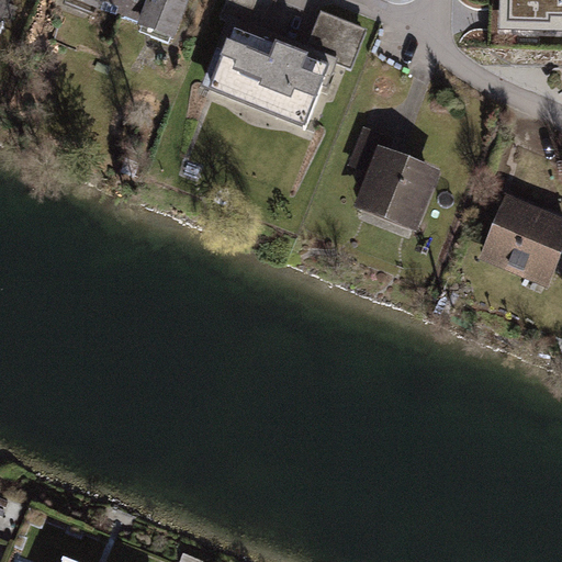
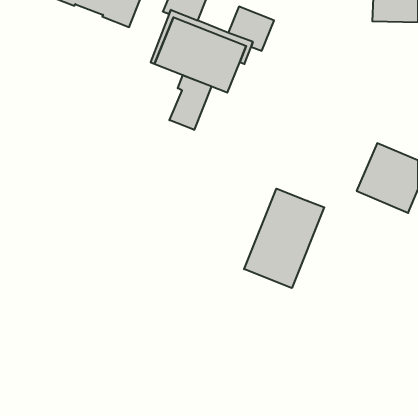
building: none -> [169,75,211,130]
building: [348,125,441,231] -> none
building: none -> [244,189,324,288]

